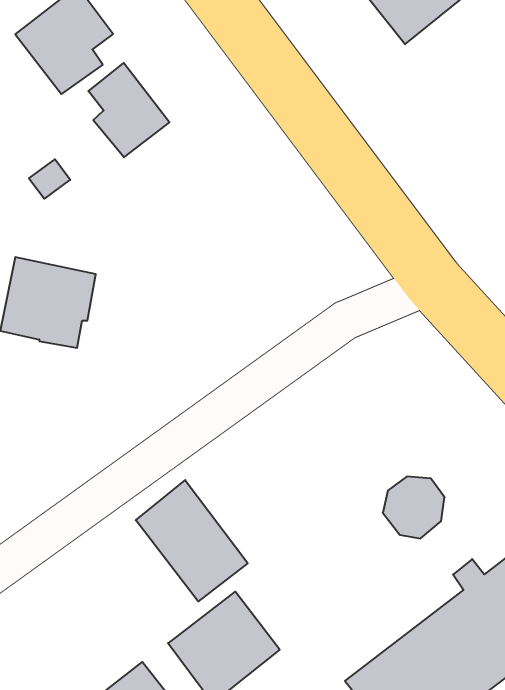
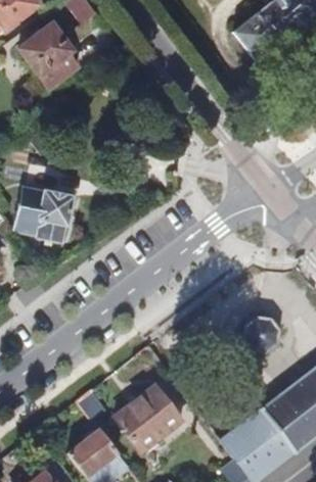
building: [88,63,169,157] -> none
building: [136,480,248,601] -> none

